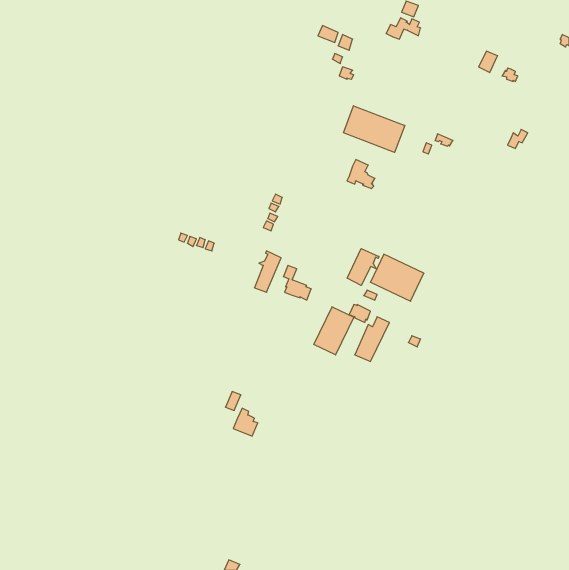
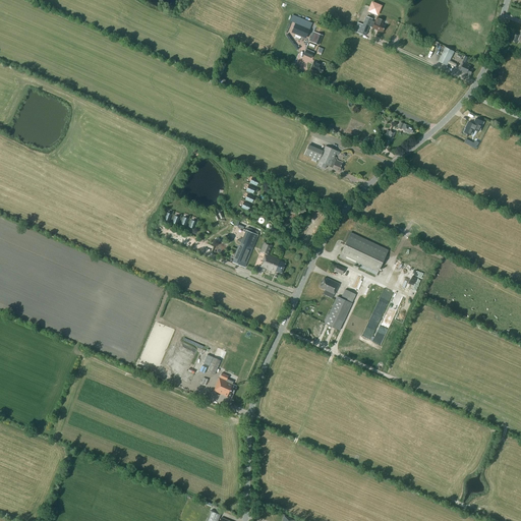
building: [343,106,405,152] -> none
building: [347,249,379,285] -> none
building: [314,307,354,355] -> none

